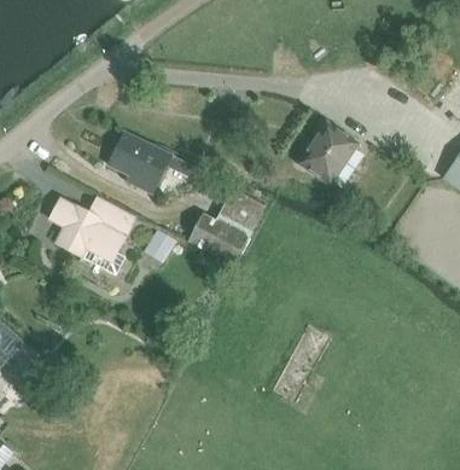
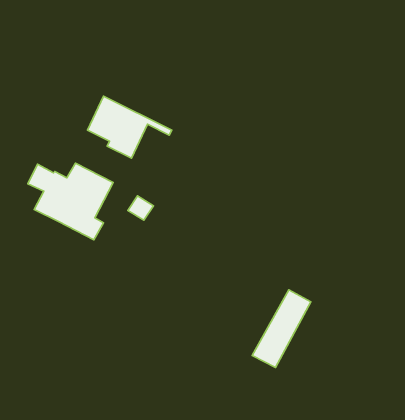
building: [302,121,369,185] -> none
building: [190,190,264,265] -> none

